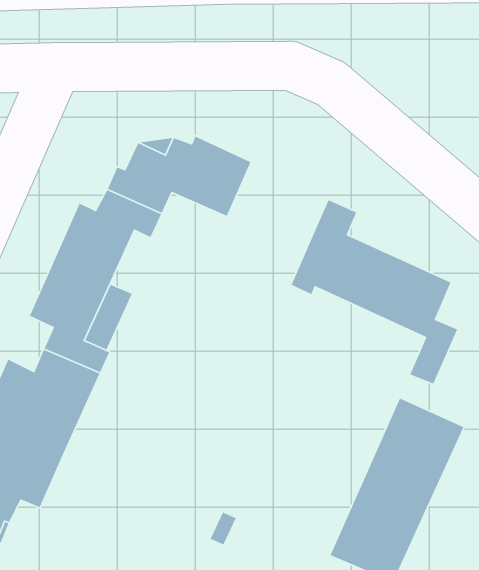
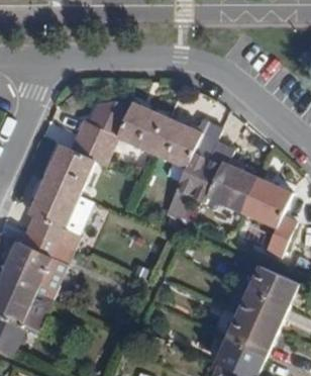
building: none -> [150,118,219,218]

